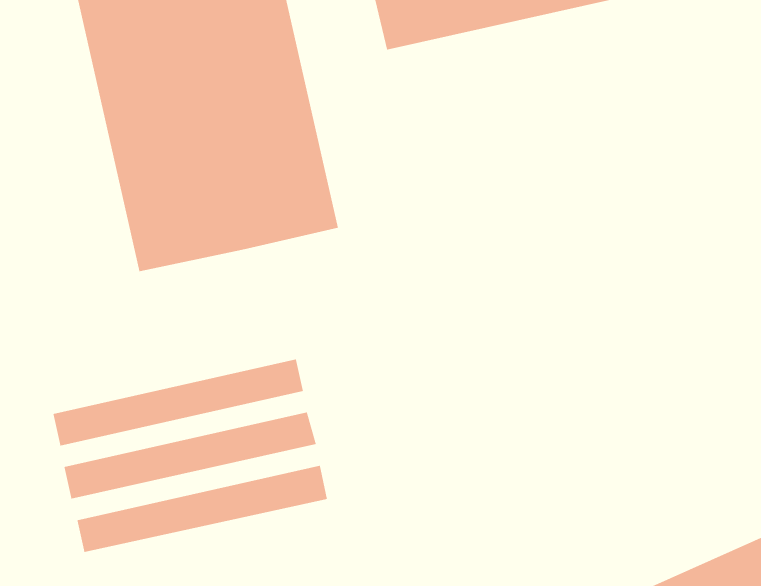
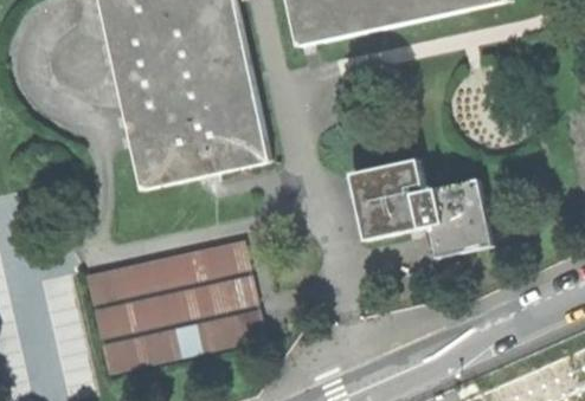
building: none -> [351,159,491,256]

